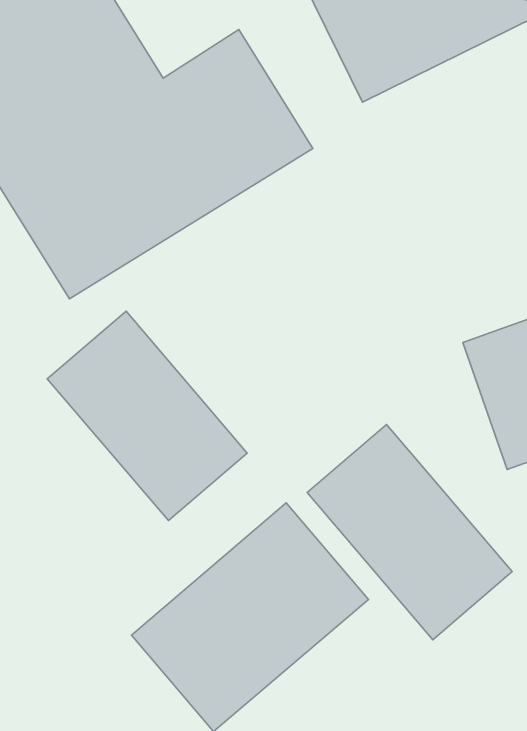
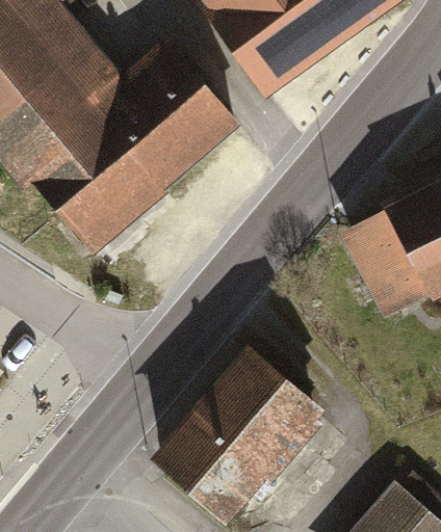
building: [47,311,247,521] -> none
building: [307,425,512,640] -> none

